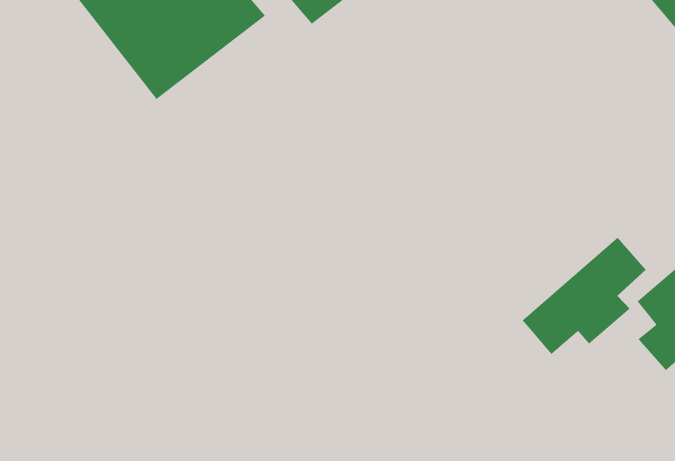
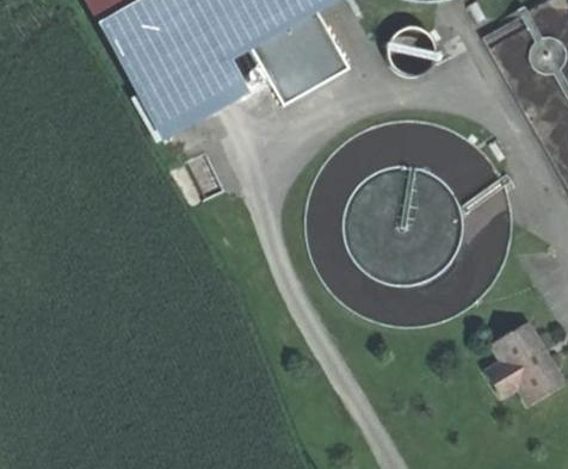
building: [522,237,647,355] -> none

